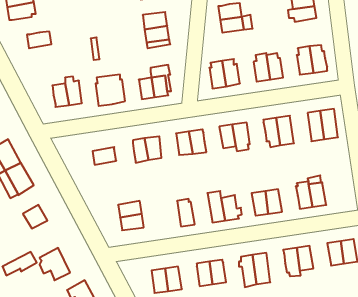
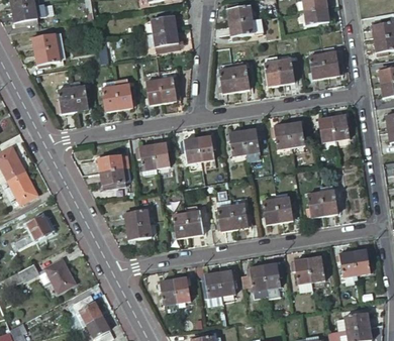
building: none -> [32,48,62,66]
building: none -> [100,168,129,189]
building: none -> [172,210,189,239]

